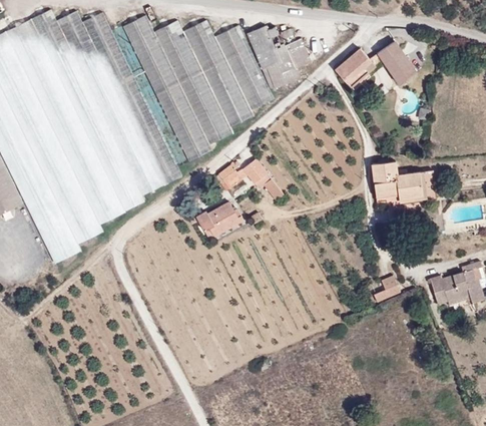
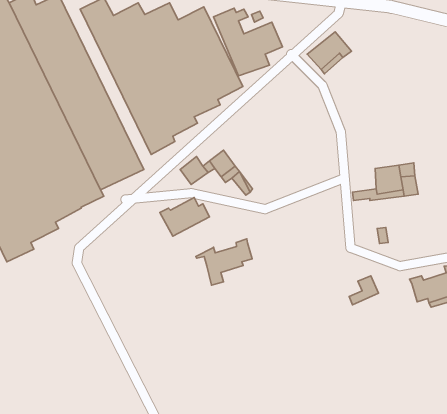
building: [377,41,416,84] -> none
building: [372,161,398,197] -> none
building: none -> [196,239,252,285]

